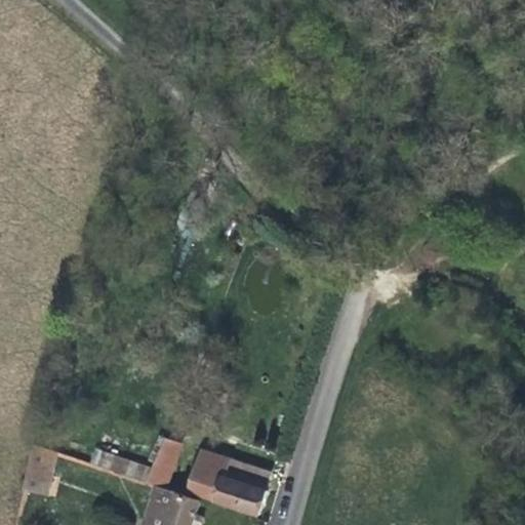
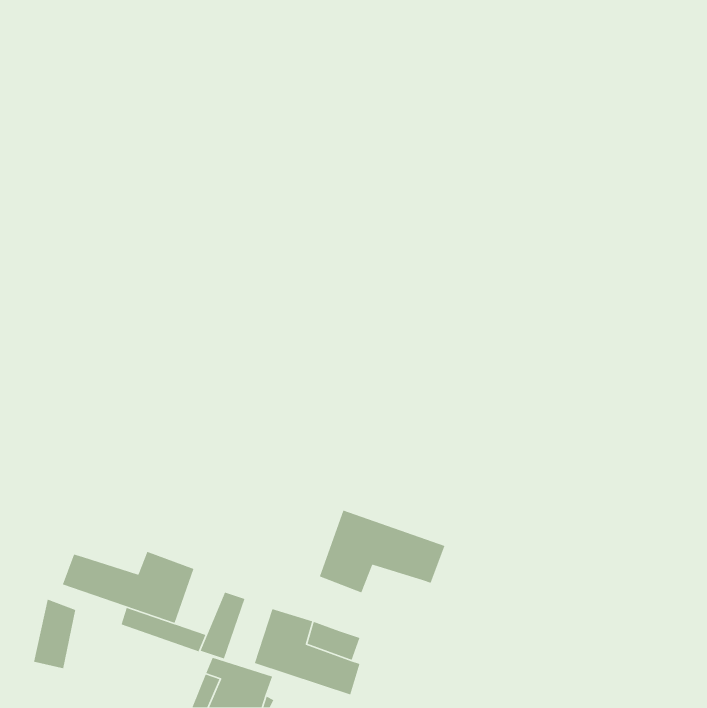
building: none -> [319,509,446,593]
building: none -> [62,551,195,624]

